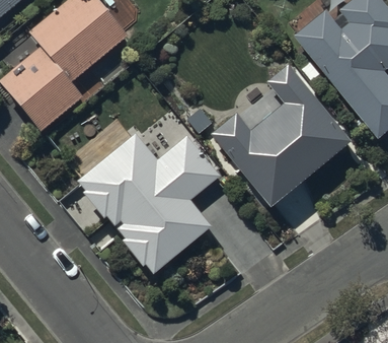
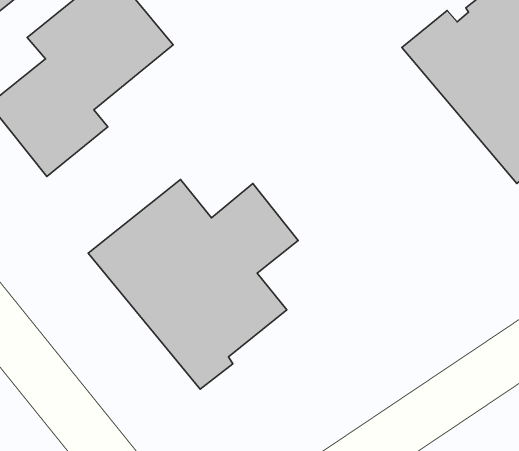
building: [212,62,351,205] -> none

